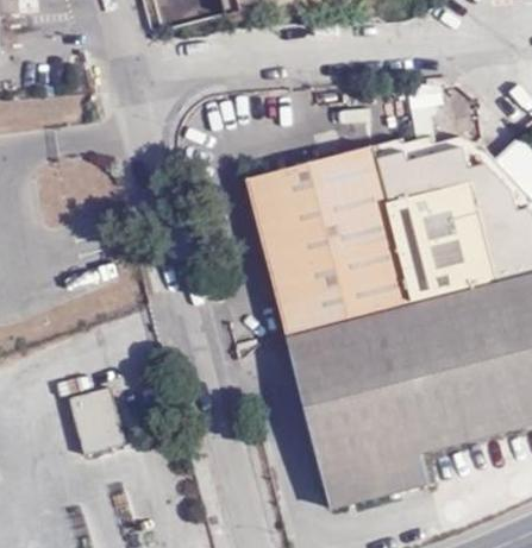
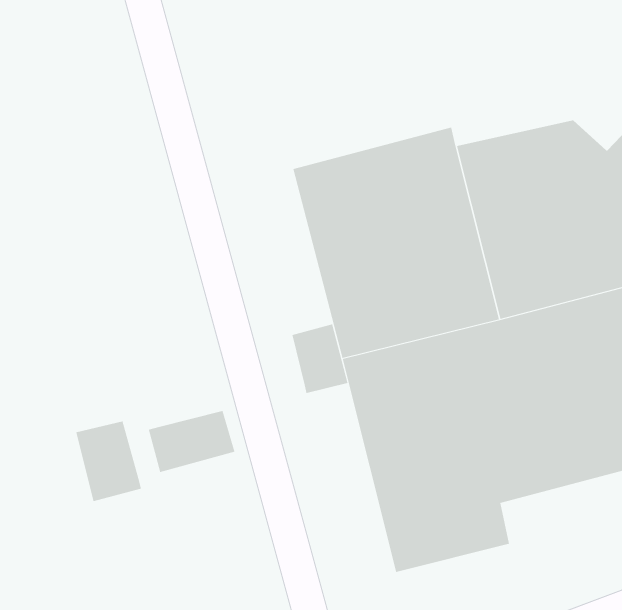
building: none -> [292,323,348,394]
building: none -> [148,410,235,473]

